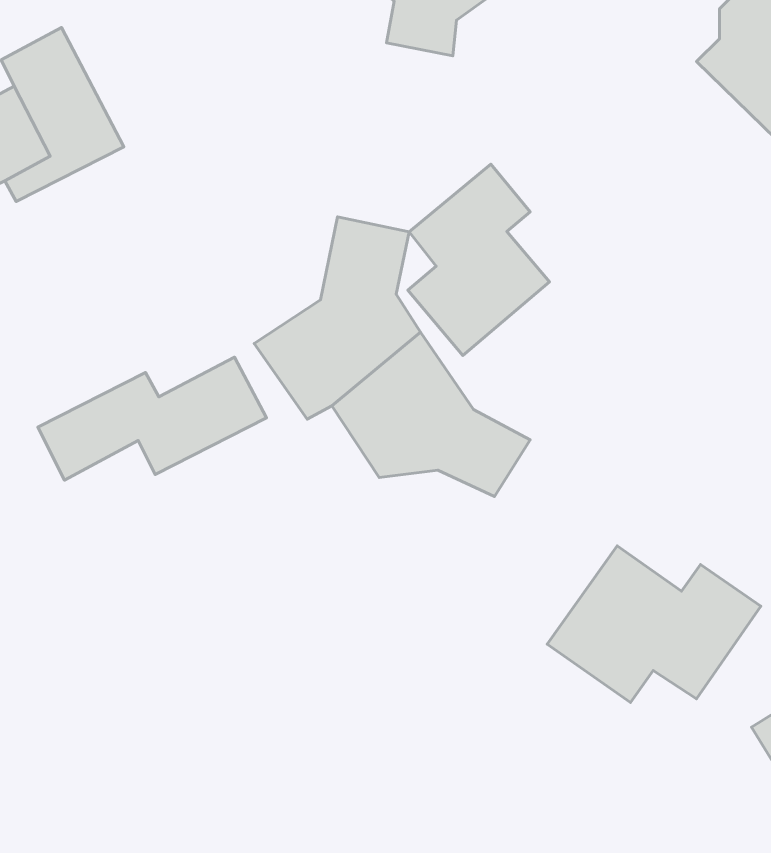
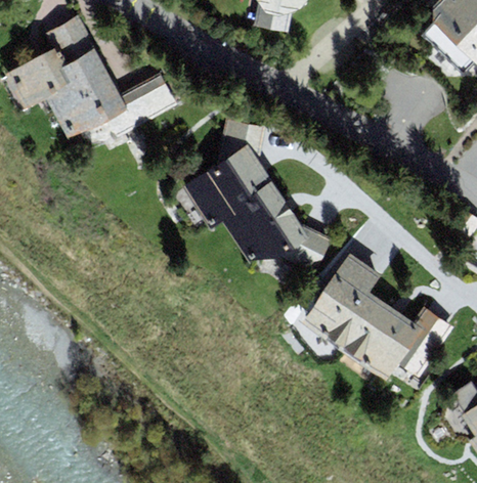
building: [408,164,549,355] -> none
building: [38,357,267,480] -> [53,72,177,138]
building: none -> [302,252,382,349]

